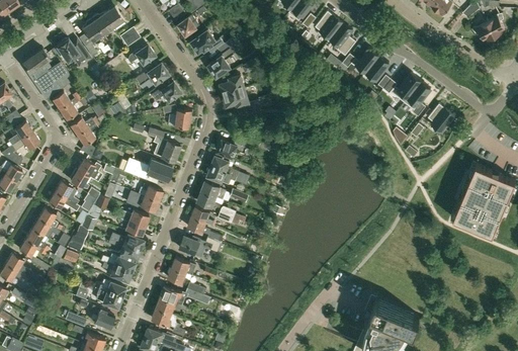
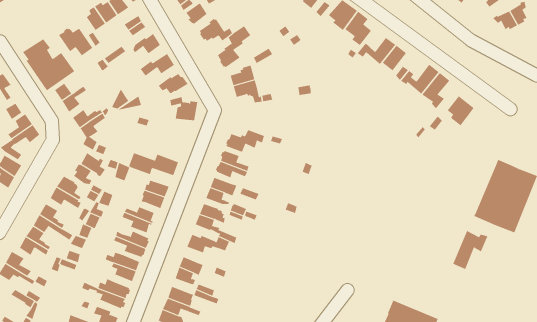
building: [147,127,180,162] -> none
building: none -> [452,230,488,270]

